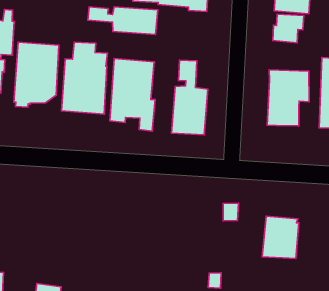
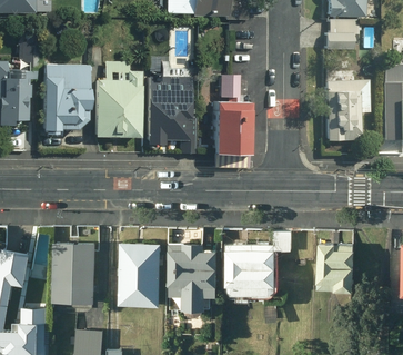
building: [88,7,158,35] -> none
building: none -> [54,241,99,302]
building: none -> [120,241,164,305]
building: none -> [170,241,222,316]
building: none -> [226,244,276,294]

